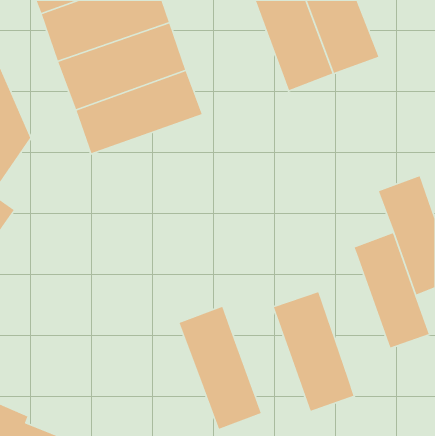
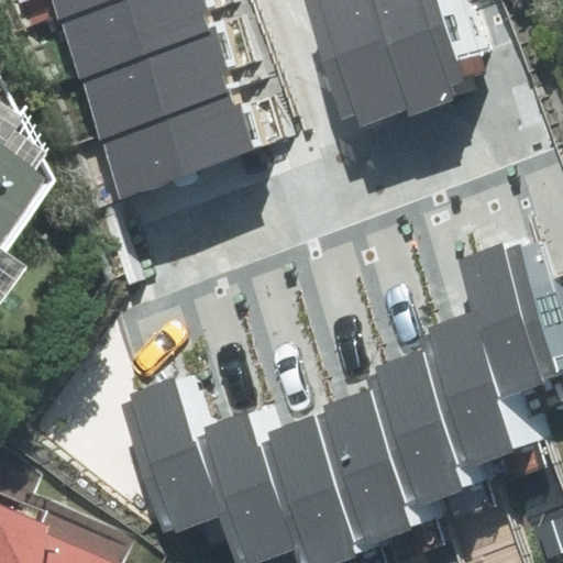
building: none -> [396,331,500,488]
building: none -> [145,365,257,522]
building: none -> [292,405,396,558]

